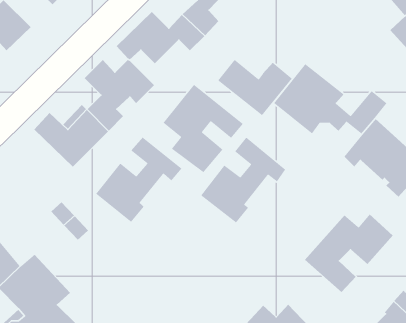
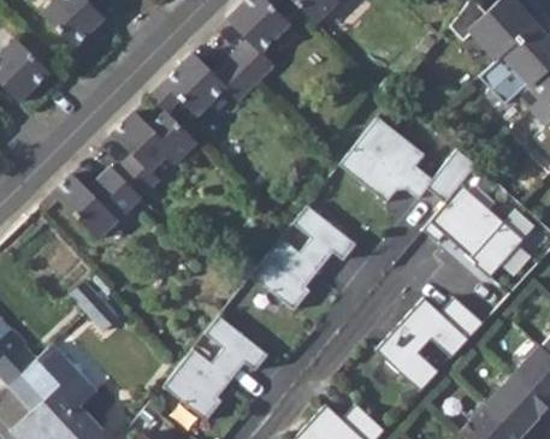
building: [217,59,293,116] -> none
building: [163,84,244,173] -> none
building: [95,137,182,223] -> [162,315,267,419]

